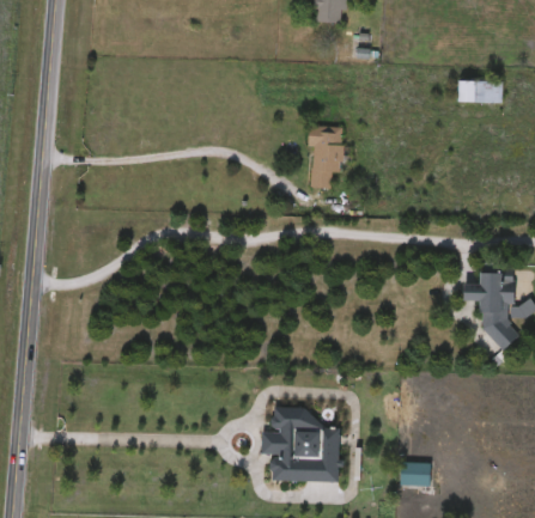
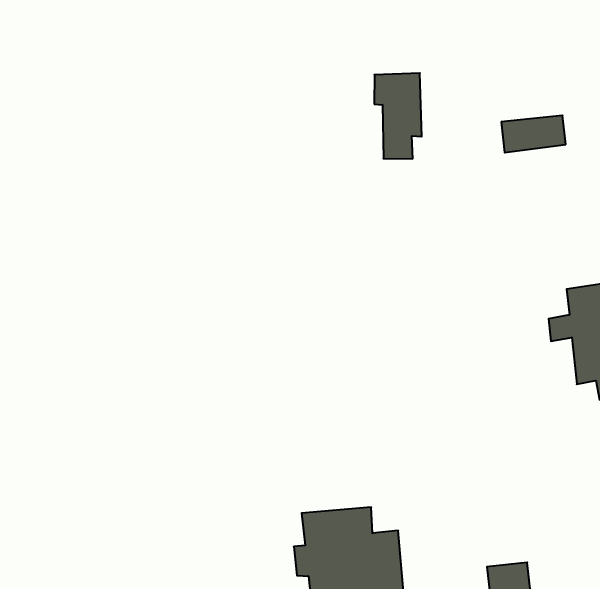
building: [457,81,503,104] -> [501,115,566,153]
building: [308,126,344,190] -> [374,73,422,159]

